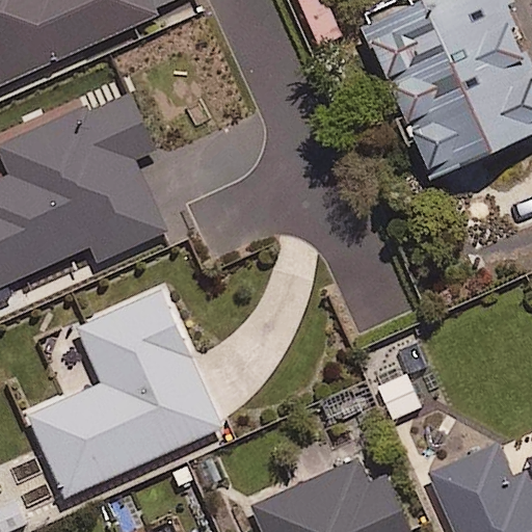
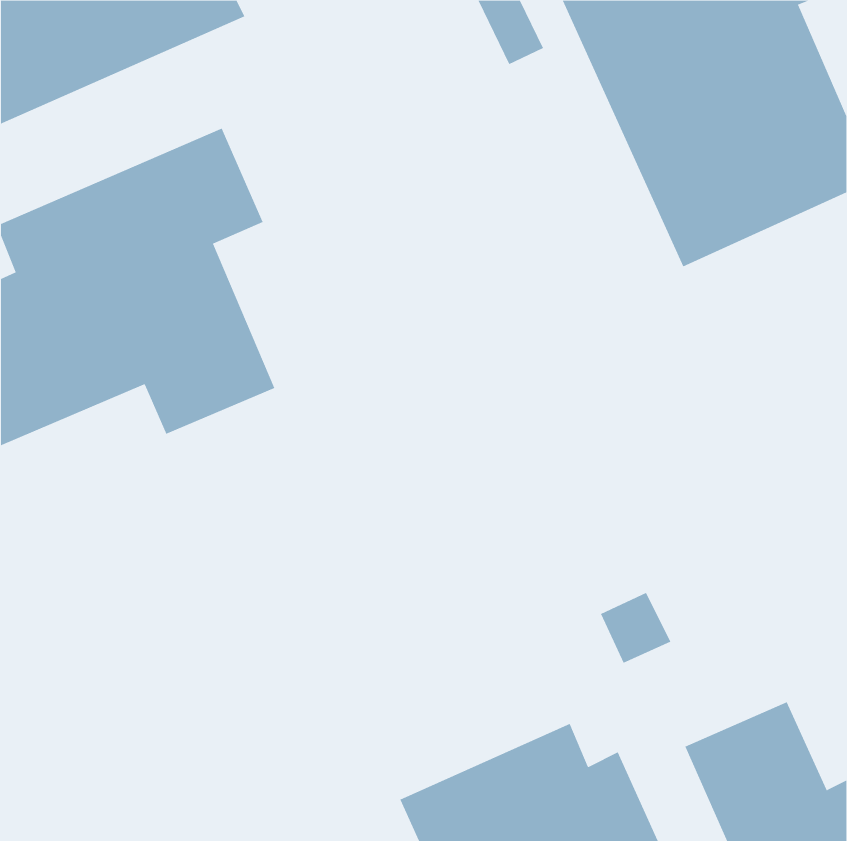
building: [28,290,221,495] -> none

